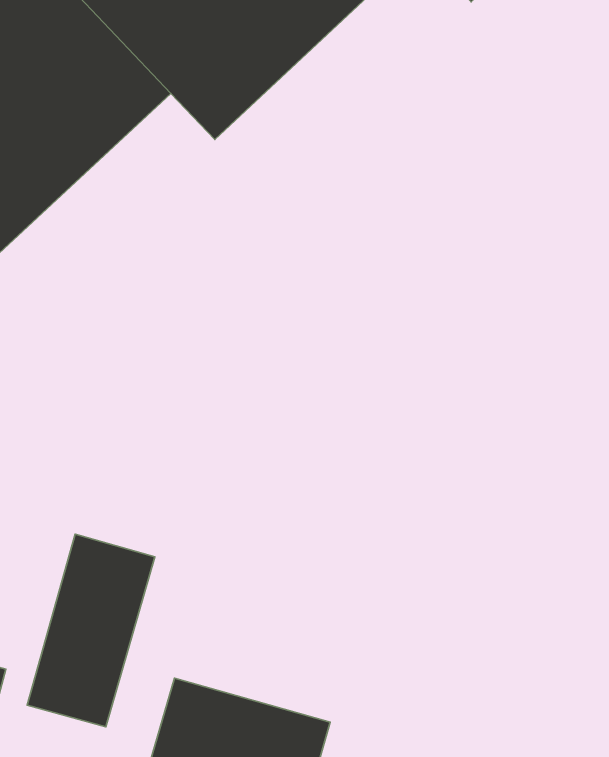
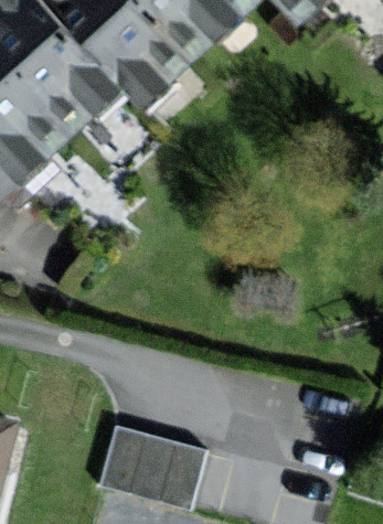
building: [27,534,155,727] -> none

